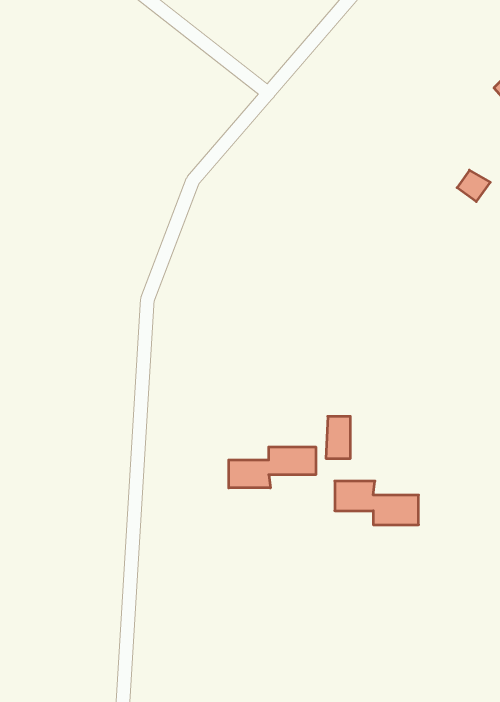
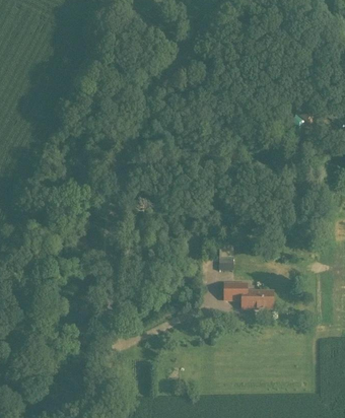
building: [229,447,316,488] -> none

